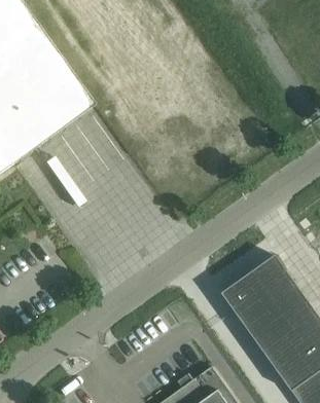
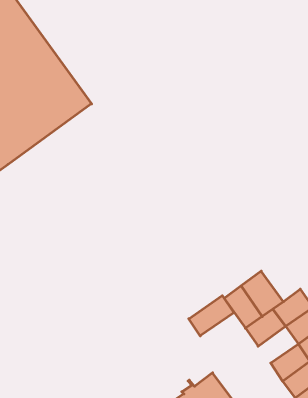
building: [258,256,296,298] -> none
building: none -> [189,296,234,336]
building: [255,322,294,358] -> none

